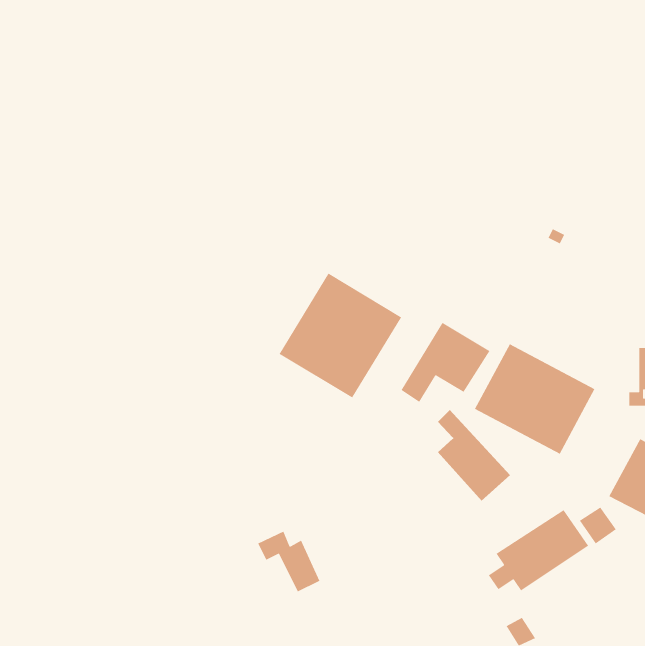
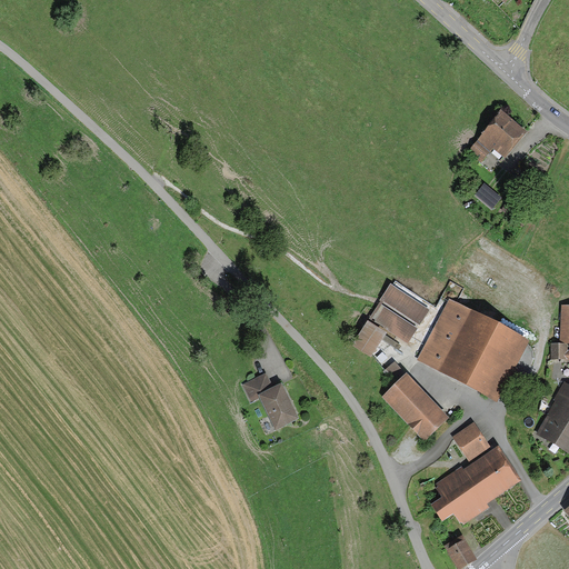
building: none -> [471,112,522,160]
building: [278,273,402,399] -> none
building: [579,507,617,545] -> [453,426,487,459]
building: [257,530,320,593] -> [241,375,297,429]

